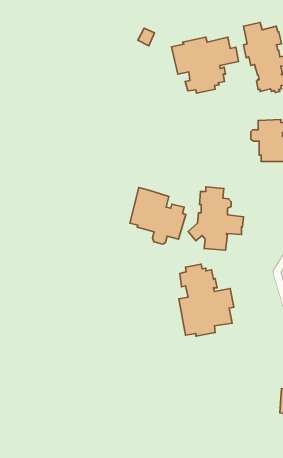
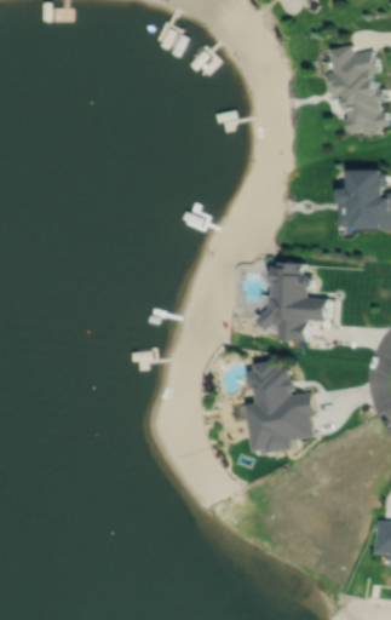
building: [172,37,238,93] -> none
building: [130,188,186,244] -> none

